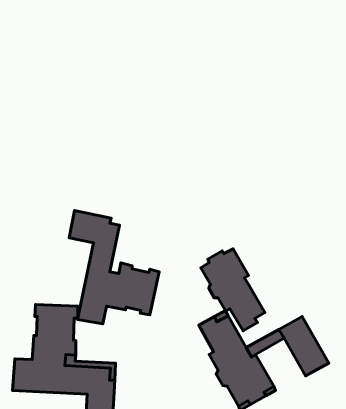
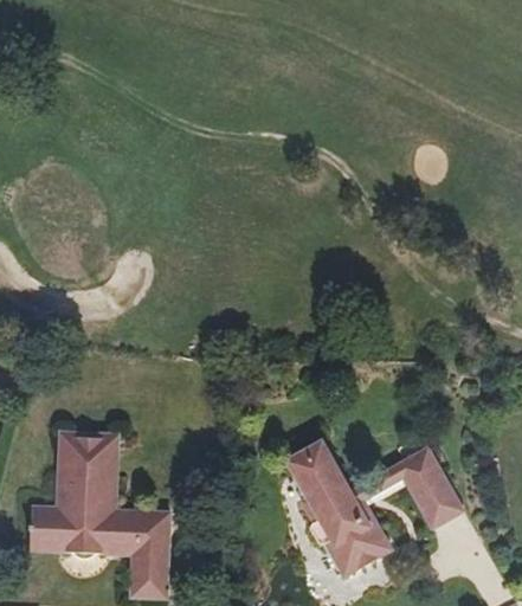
building: [69,210,159,324] -> none
building: [201,249,265,331] -> none

